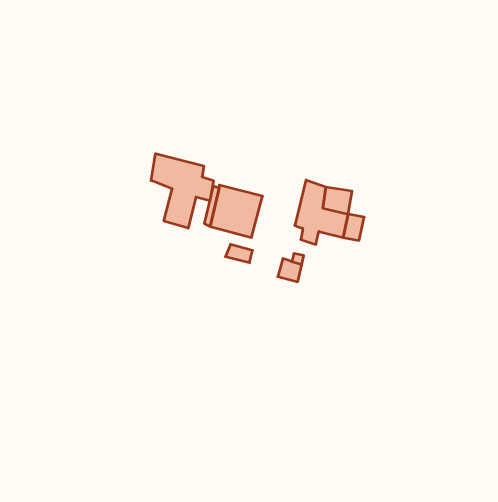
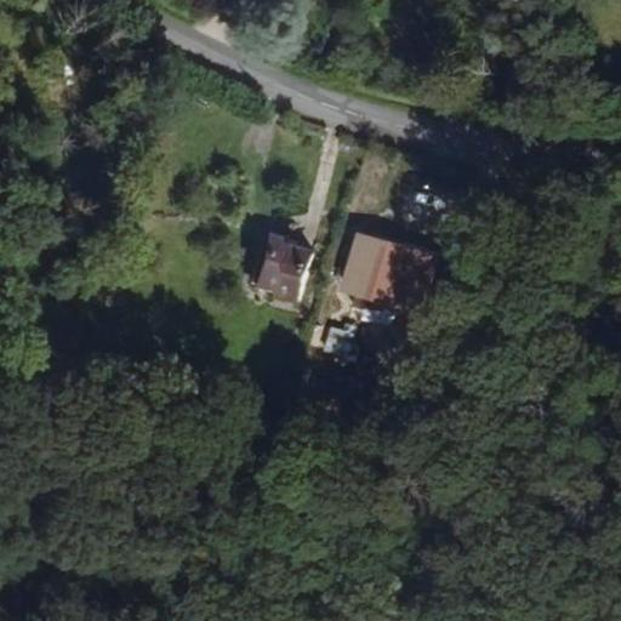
building: [151,154,213,228] -> none

